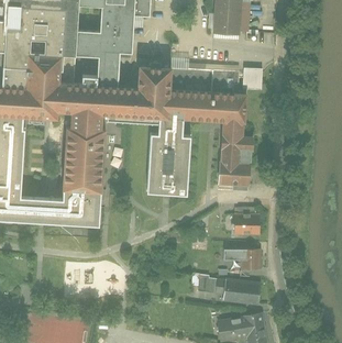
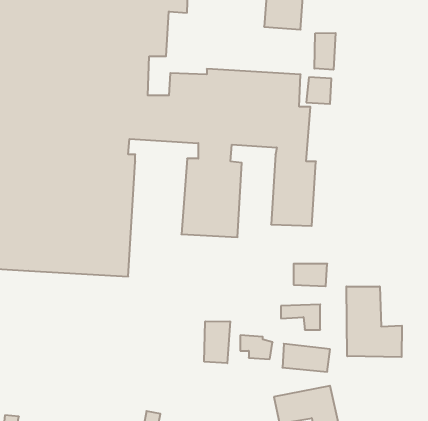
building: none -> [314,33,336,70]
building: none -> [346,286,402,357]
building: none -> [204,321,230,363]

